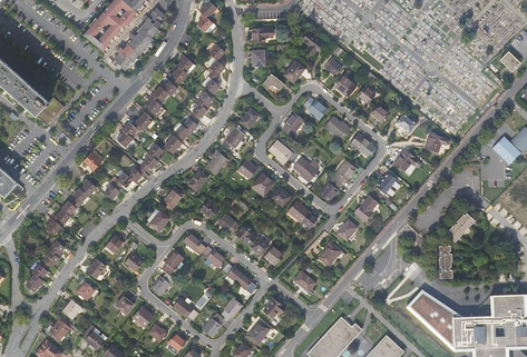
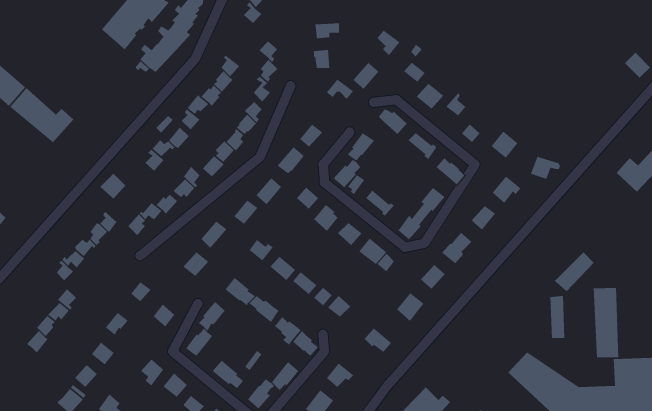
building: none -> [593,287,619,358]

